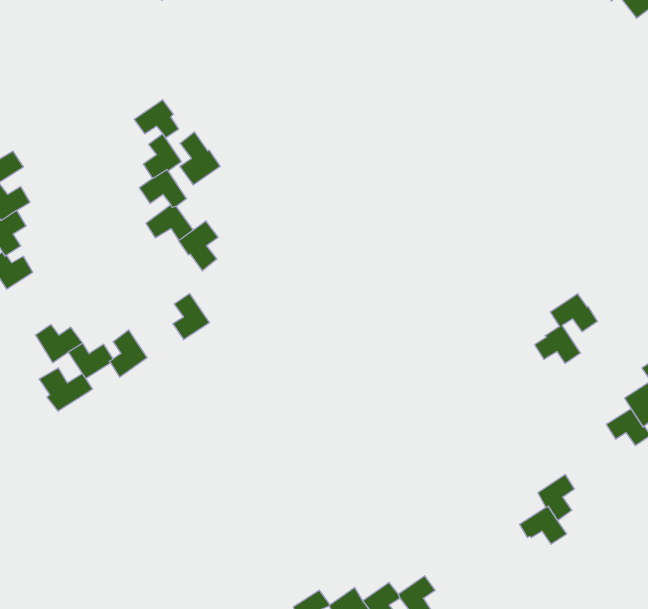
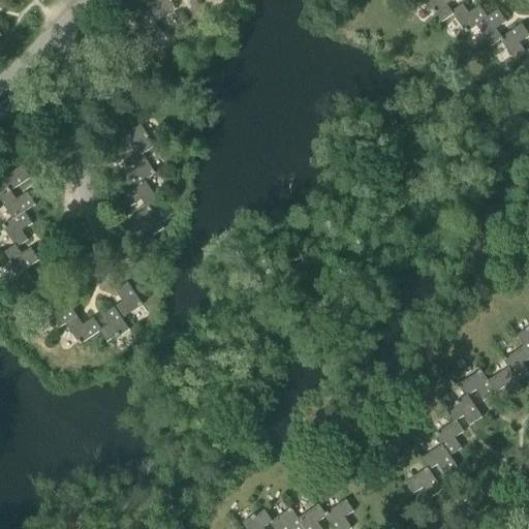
building: [180,132,220,185] -> none
building: [179,221,218,271] -> none
building: [173,294,210,340] -> [114,282,143,318]
building: [535,294,598,363] -> [446,370,496,425]
building: [39,368,93,411] -> none
building: none -> [407,468,443,497]

